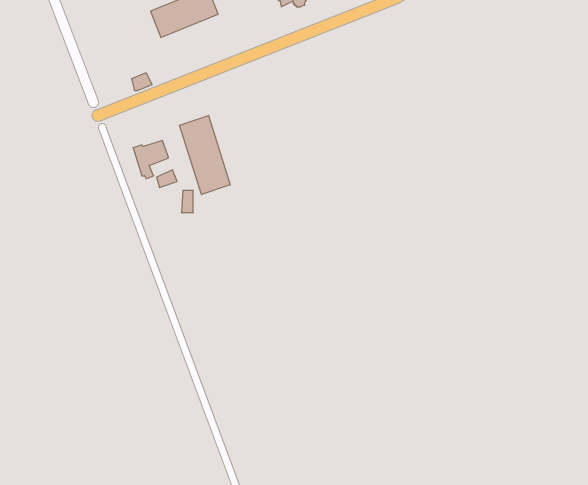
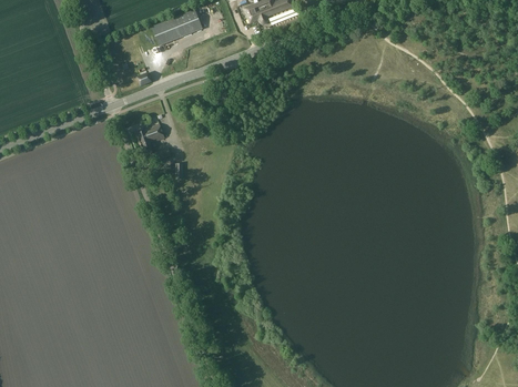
building: [180,115,230,195] -> none

